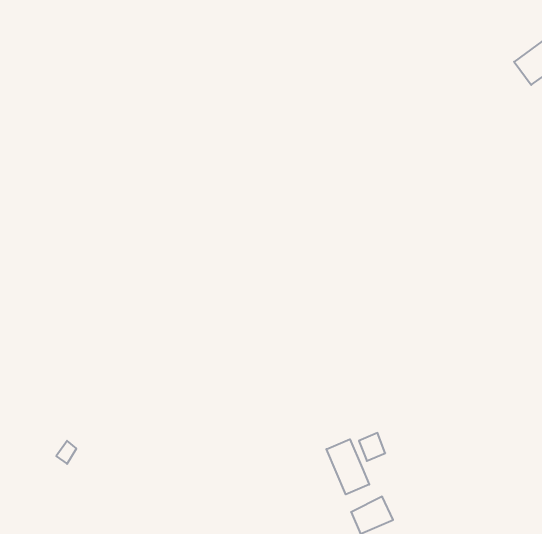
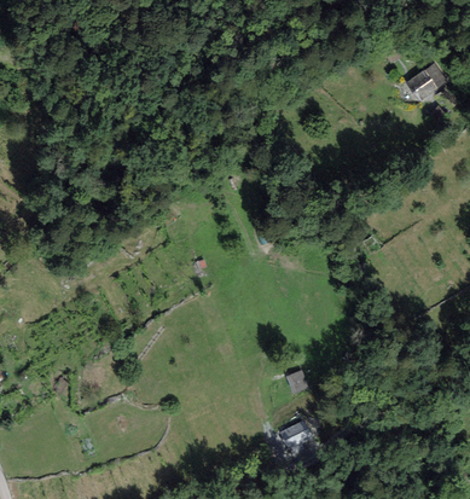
building: [326,439,369,494] -> none

